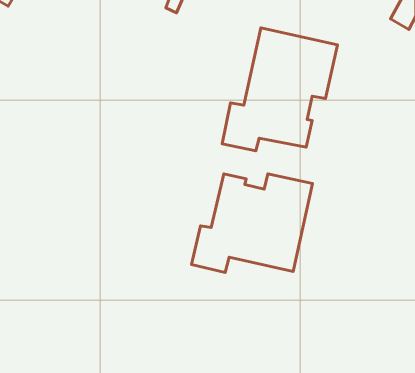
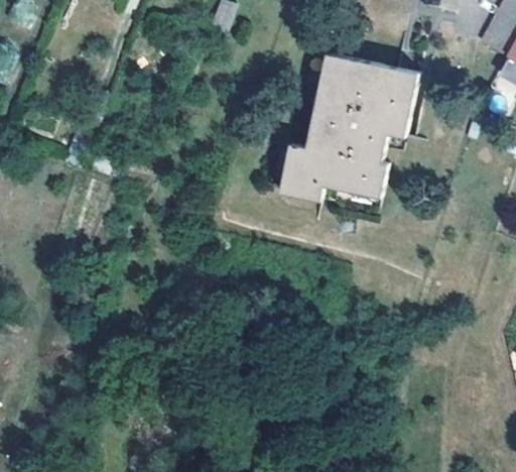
building: [191,174,313,273] -> none

